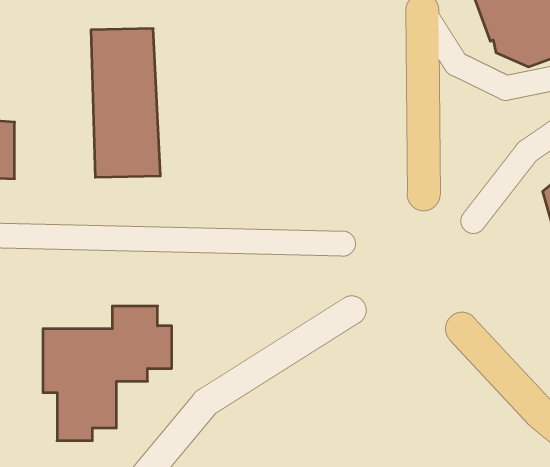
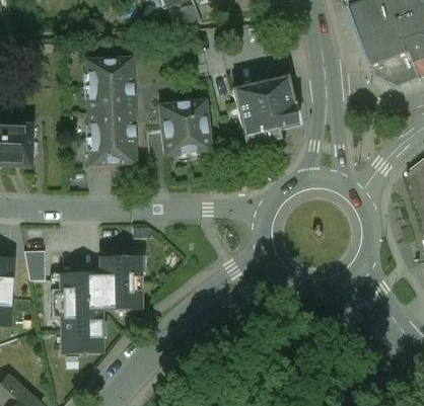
building: none -> [232,76,299,146]
building: none -> [158,99,211,155]
building: none -> [27,246,49,276]

